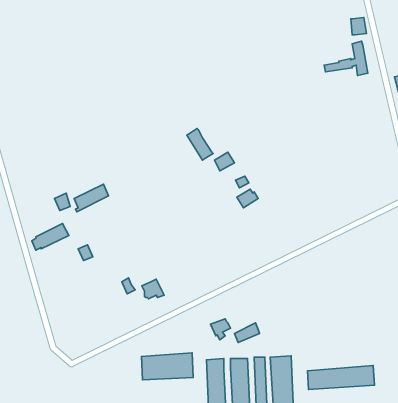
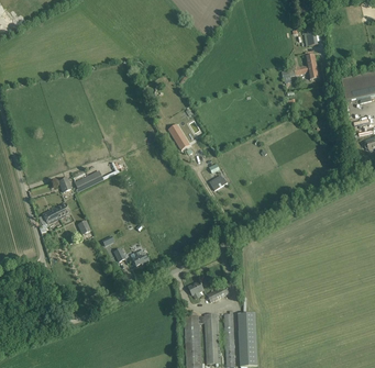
building: [142,353,193,380] -> none
building: [307,366,374,389] -> none

